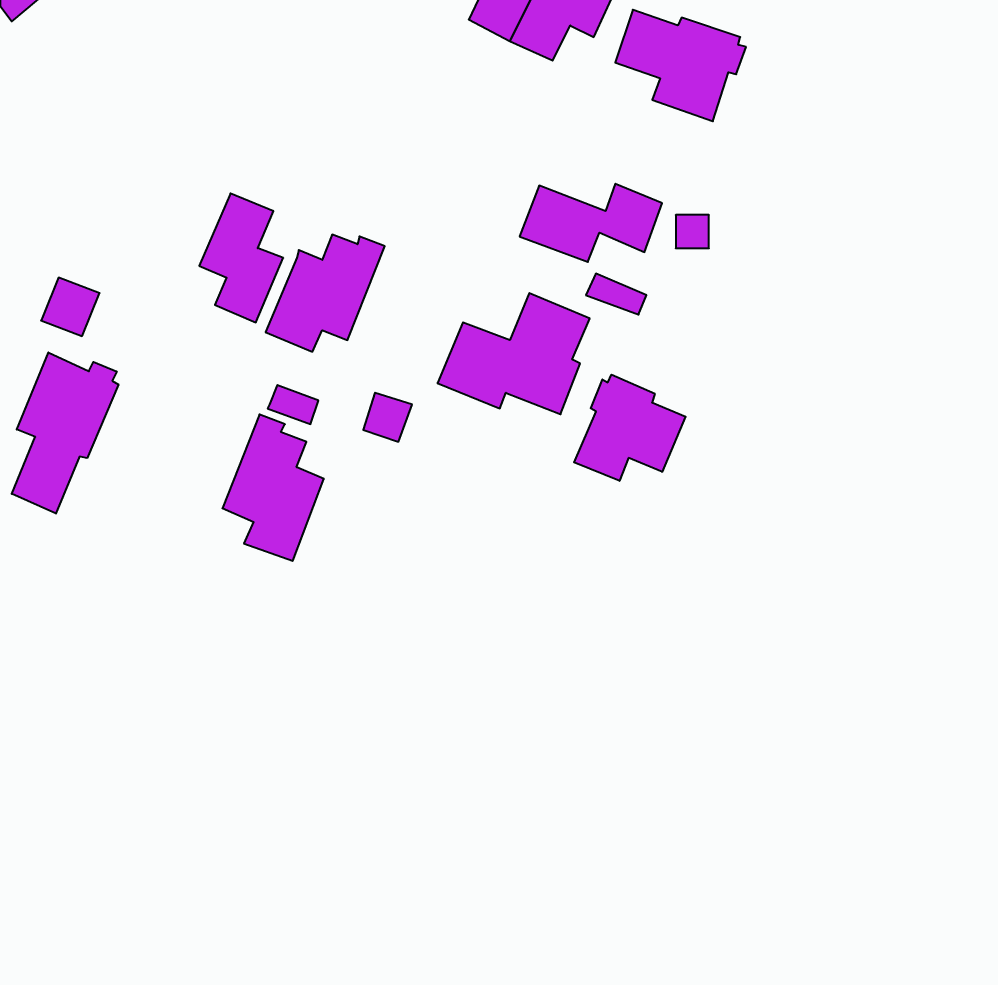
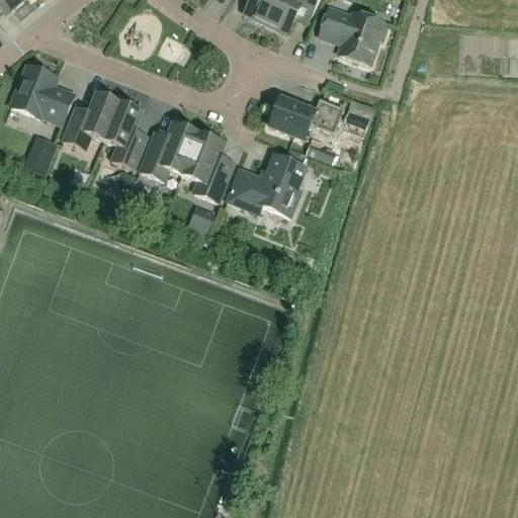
building: none -> [9,64,74,122]
building: none -> [63,90,119,148]
building: [12,352,118,514] -> none
building: [574,375,686,481] -> none
building: [222,414,324,561] -> [180,127,233,203]

